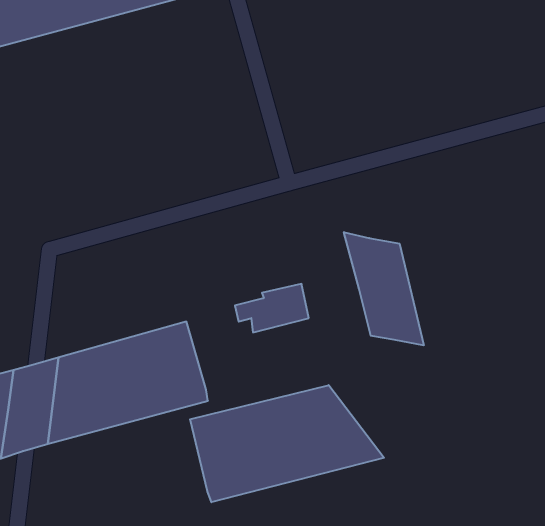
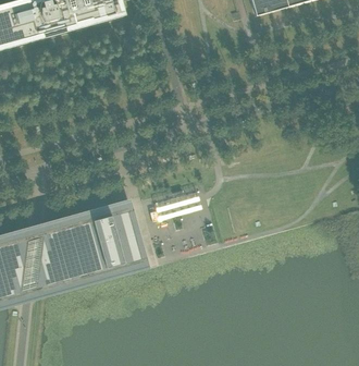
building: [344,232,424,345] -> none
building: [190,385,384,502] -> none

